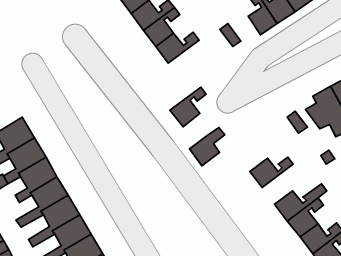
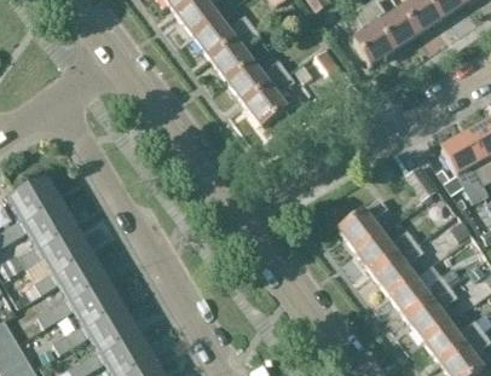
building: [170,87,206,127] -> [244,71,294,126]
building: [189,128,225,166] -> [339,198,387,250]
building: none -> [372,241,422,295]

